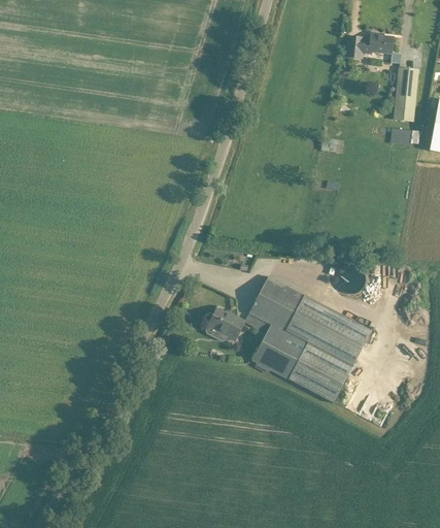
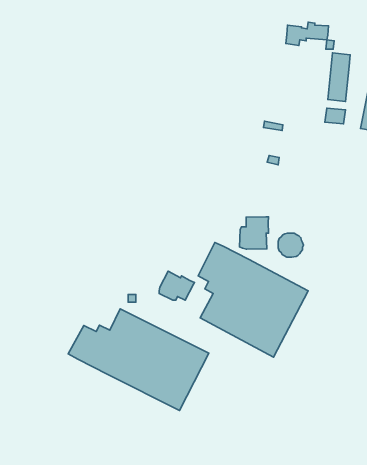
building: none -> [240,217,269,249]
building: none -> [68,309,209,410]

